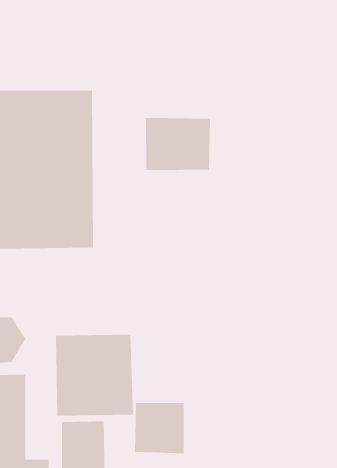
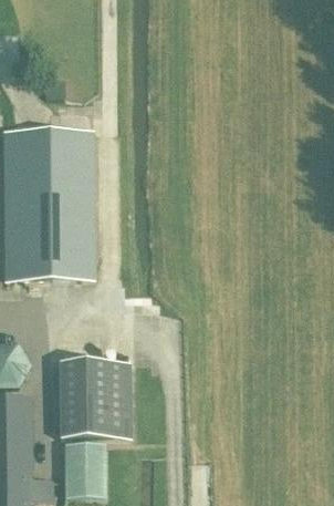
building: [146,117,210,171] -> none
building: [134,402,184,454] -> none

